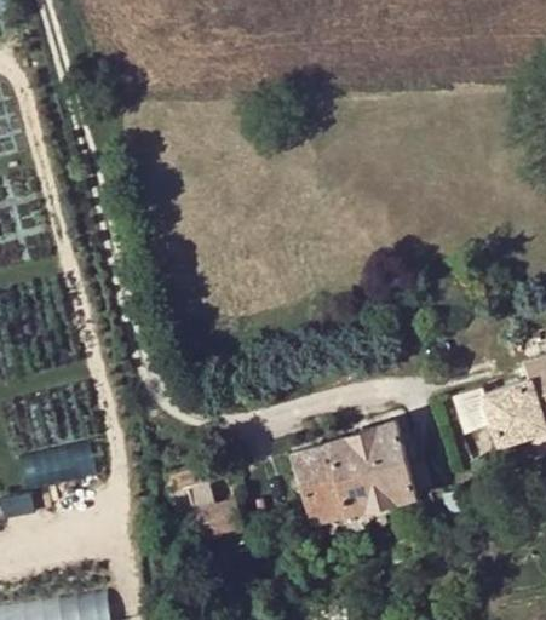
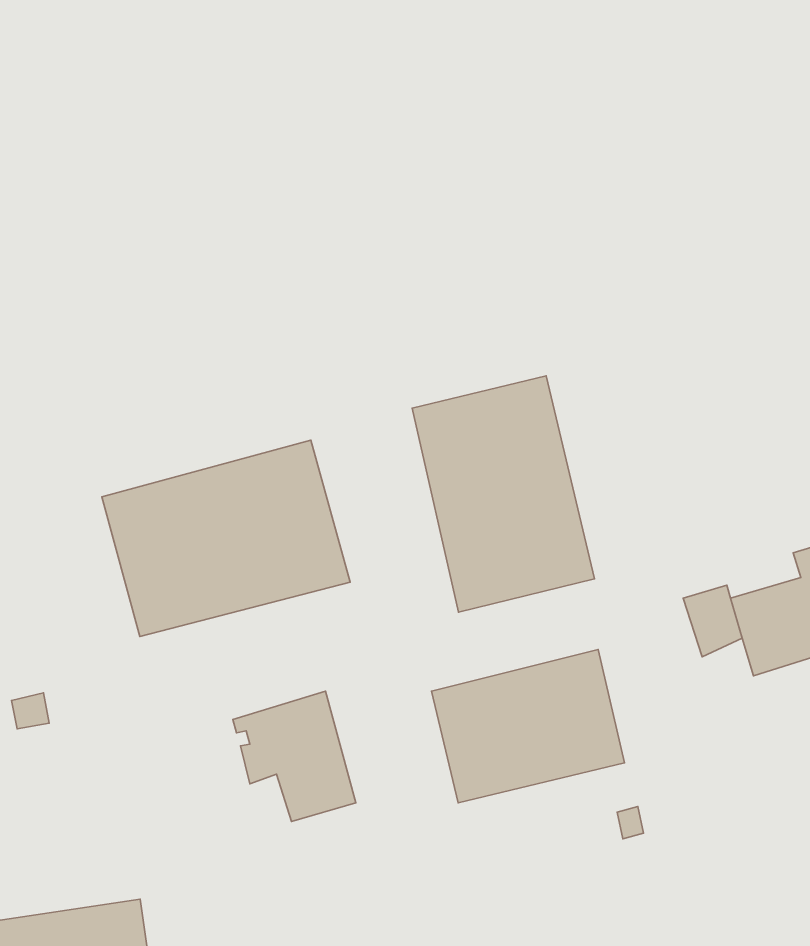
building: none -> [412,376,595,612]
building: none -> [102,440,350,637]

